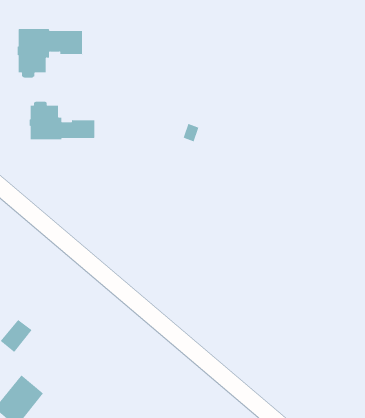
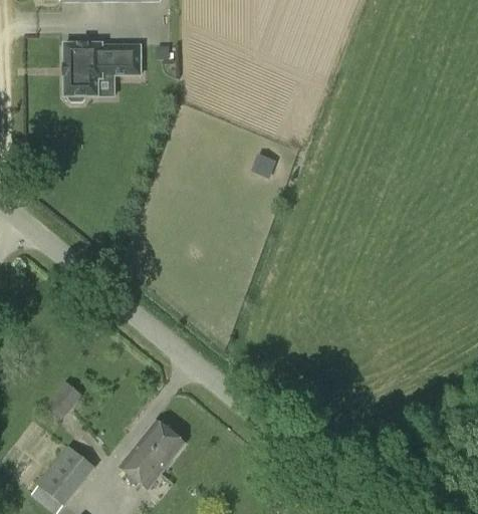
building: [29,101,96,140] -> none
building: none -> [117,419,186,491]

